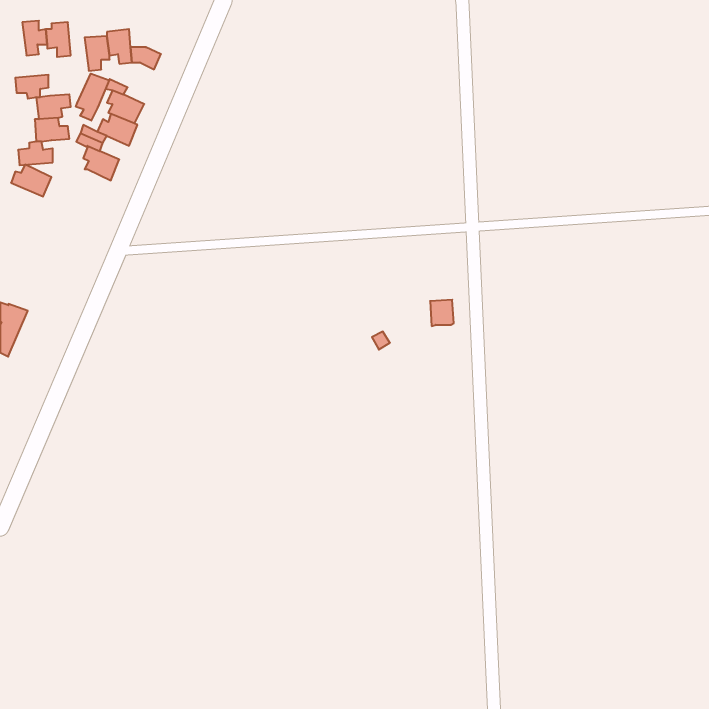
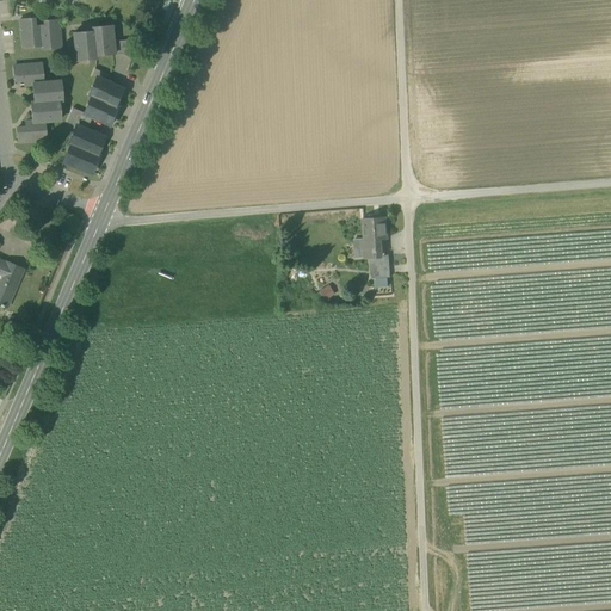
building: [76,74,109,121] -> none
building: [11,165,51,197] -> [63,146,98,173]
building: none -> [362,217,385,258]

